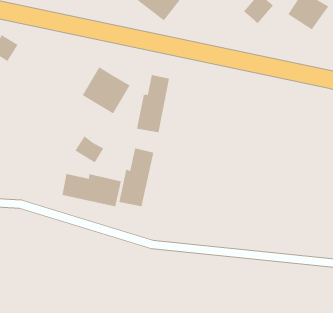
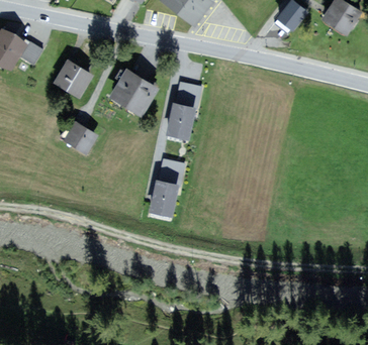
building: none -> [57,63,93,97]
building: [74,136,104,163] -> [65,123,95,151]
building: [62,173,122,207] -> none

